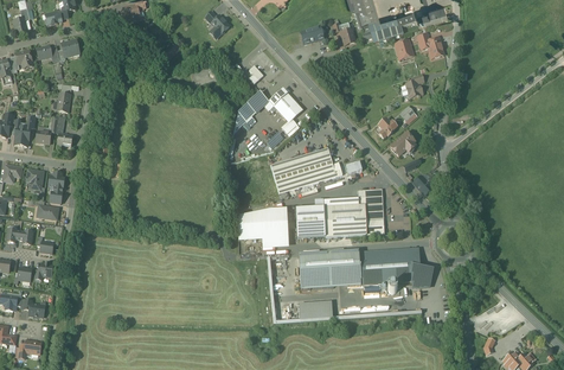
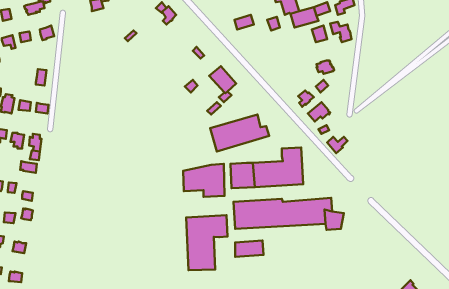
building: none -> [186,215,228,270]

